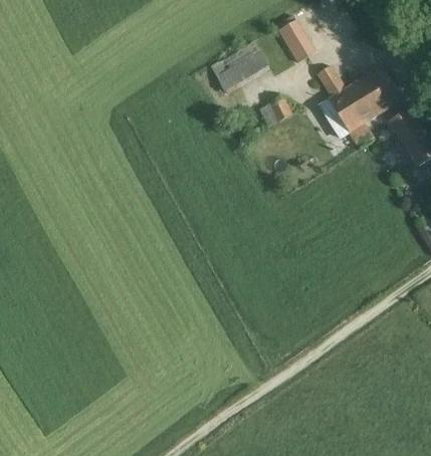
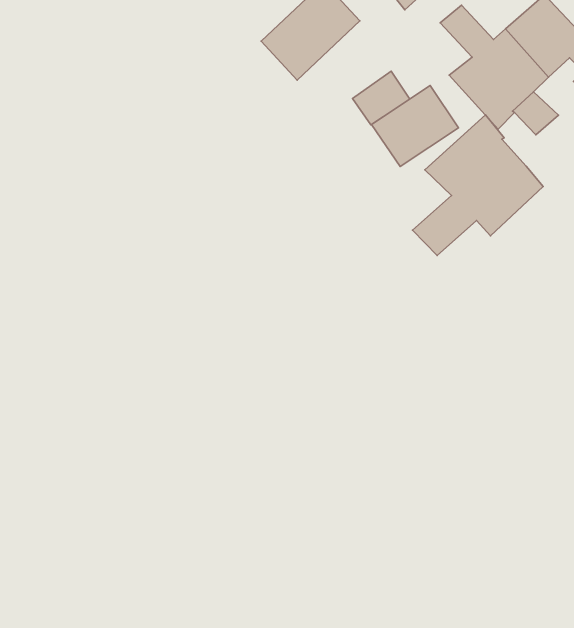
building: none -> [372,86,458,167]
building: none -> [412,115,543,255]

